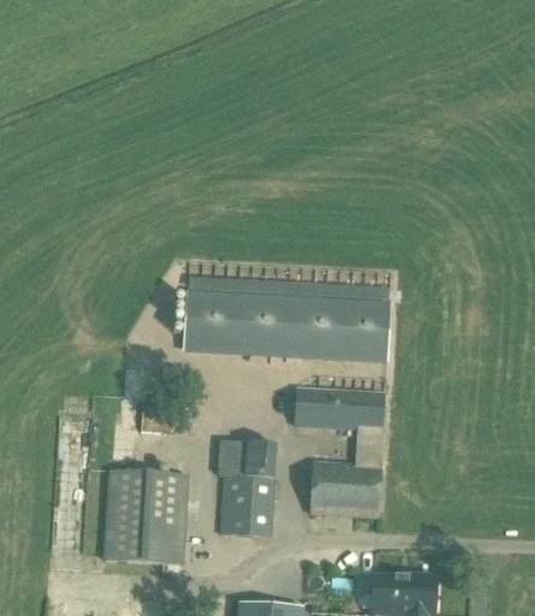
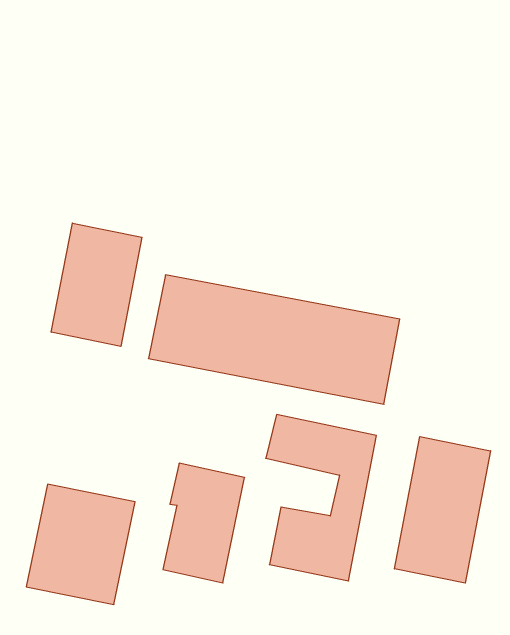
building: none -> [51,223,142,346]
building: none -> [395,437,491,583]

